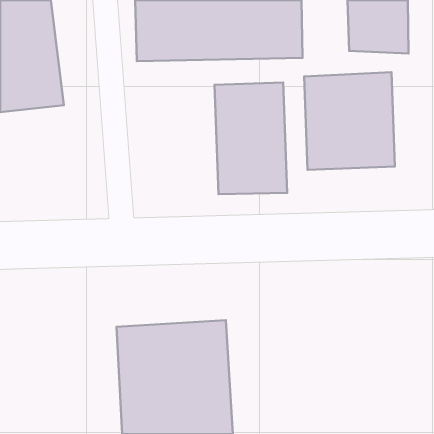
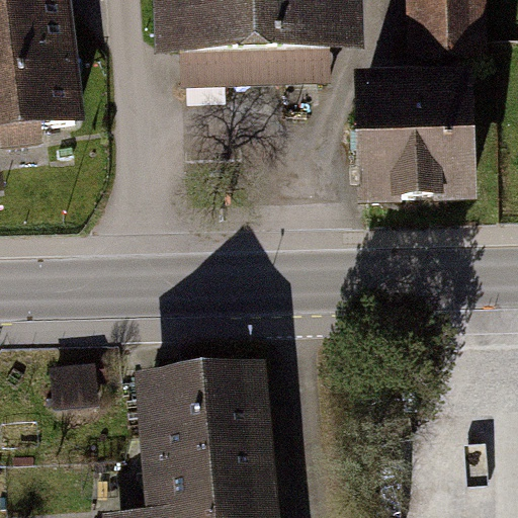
building: [215,82,287,194] -> none

